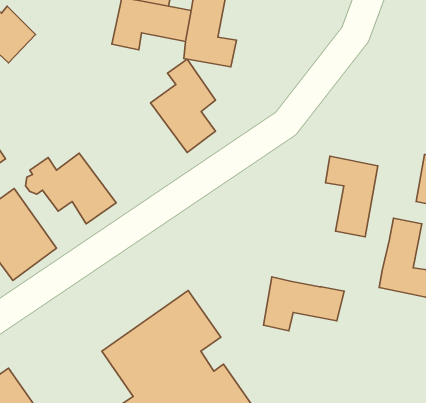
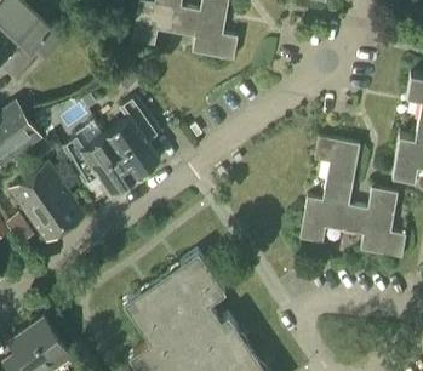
building: [150,59,215,152] -> [104,97,160,177]
building: [263,277,344,331] -> [301,198,370,244]

